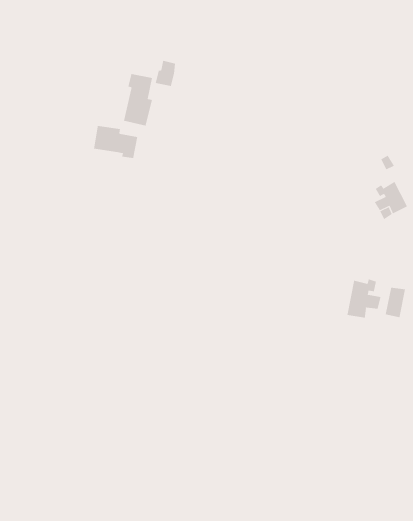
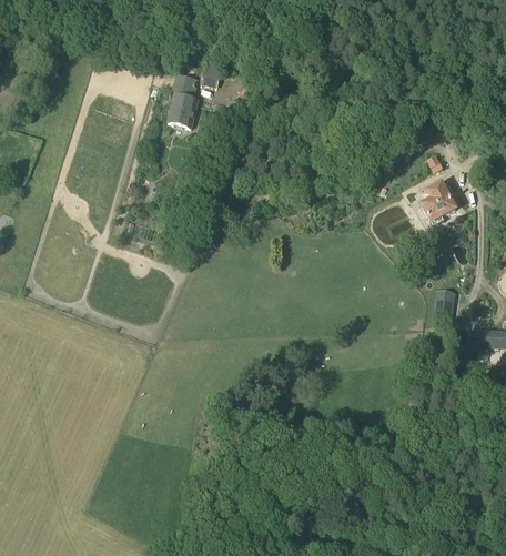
building: [94,125,138,159] -> none
building: [347,278,381,319] -> none

